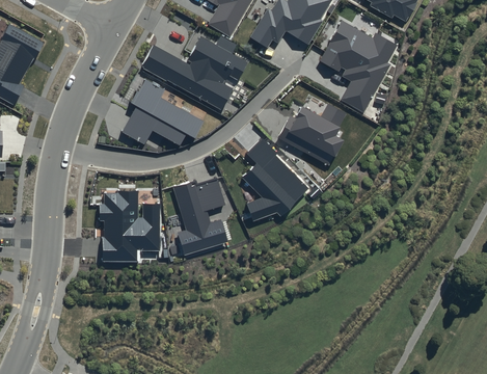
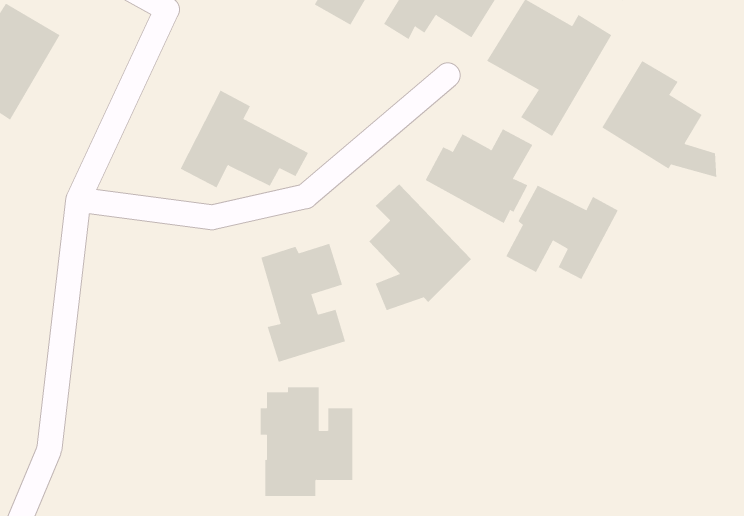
building: [142,36,248,110] -> none
building: none -> [601,60,717,178]
building: none -> [505,185,619,280]
building: [100,190,160,261] -> [260,387,353,496]

